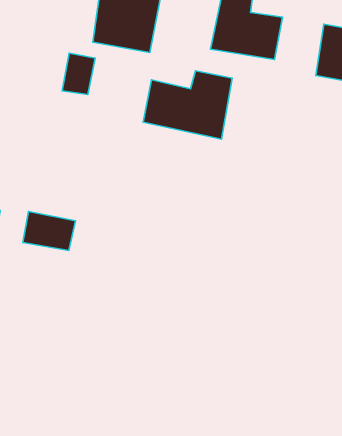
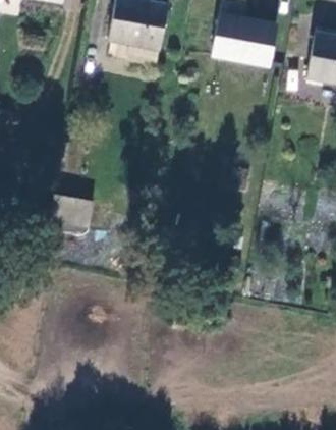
building: [62,53,95,95] -> none
building: [143,71,232,139] -> none

